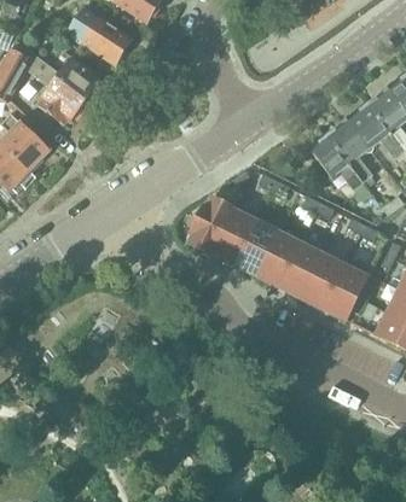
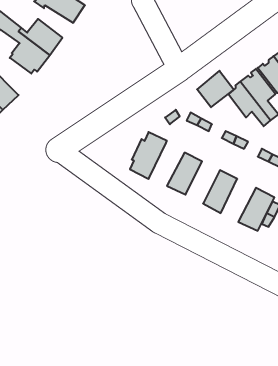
building: none -> [197,71,234,107]
building: [213,209,256,262] -> none
building: [257,232,300,284] -> none
building: [301,253,344,307] -> none

